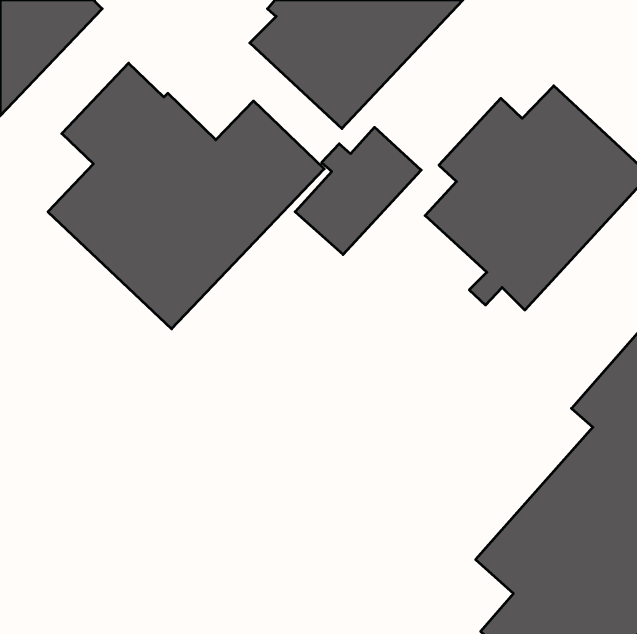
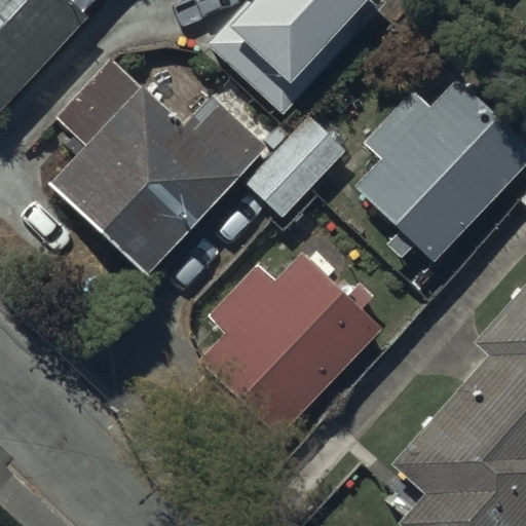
building: none -> [193,252,380,440]

